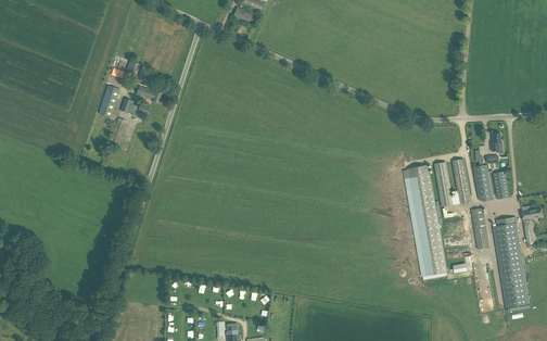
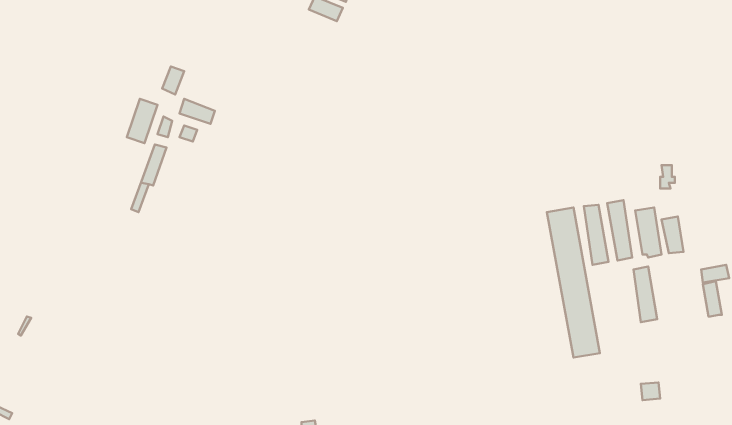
building: [492,217,529,307] -> none

